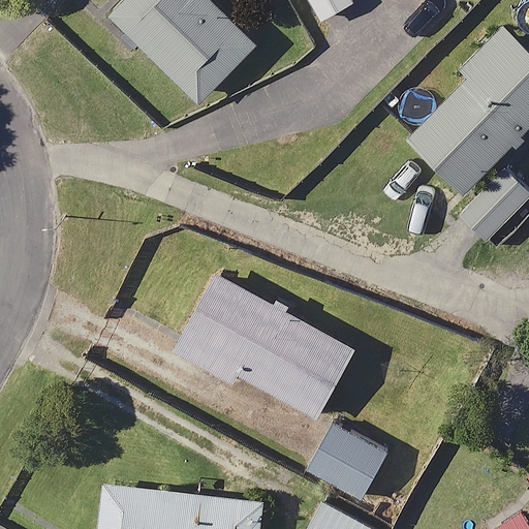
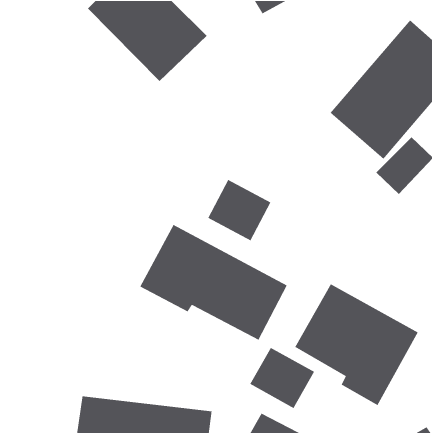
building: none -> [207,179,272,242]
building: none -> [294,283,419,406]

